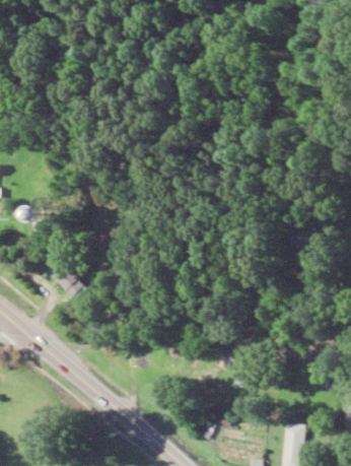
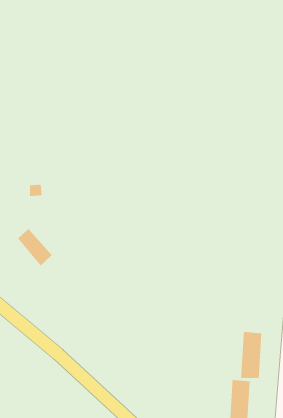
building: none -> [241,331,262,379]

